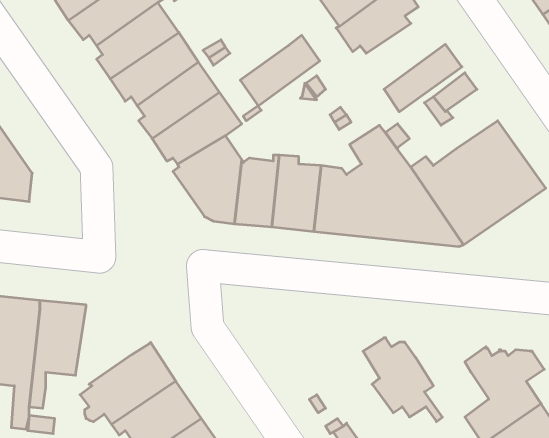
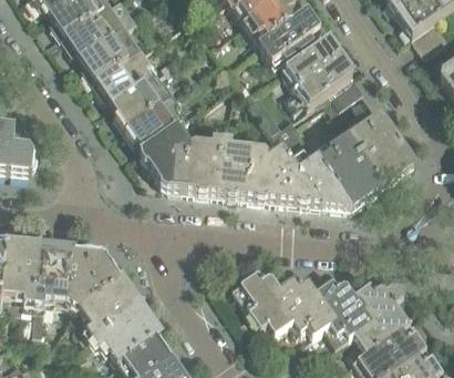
building: [240,35,320,106] -> [280,38,339,90]
building: none -> [65,251,120,308]
building: none -> [231,269,300,333]
building: none -> [317,277,371,336]

